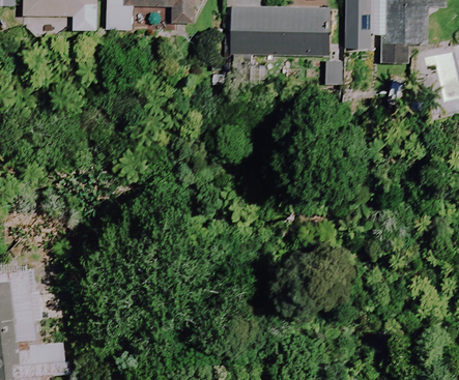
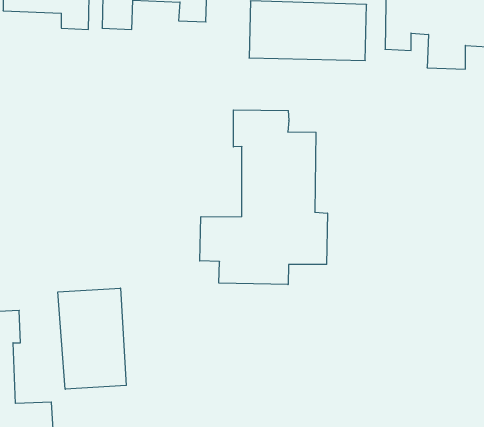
building: none -> [200,110,327,285]
building: none -> [58,288,126,389]

